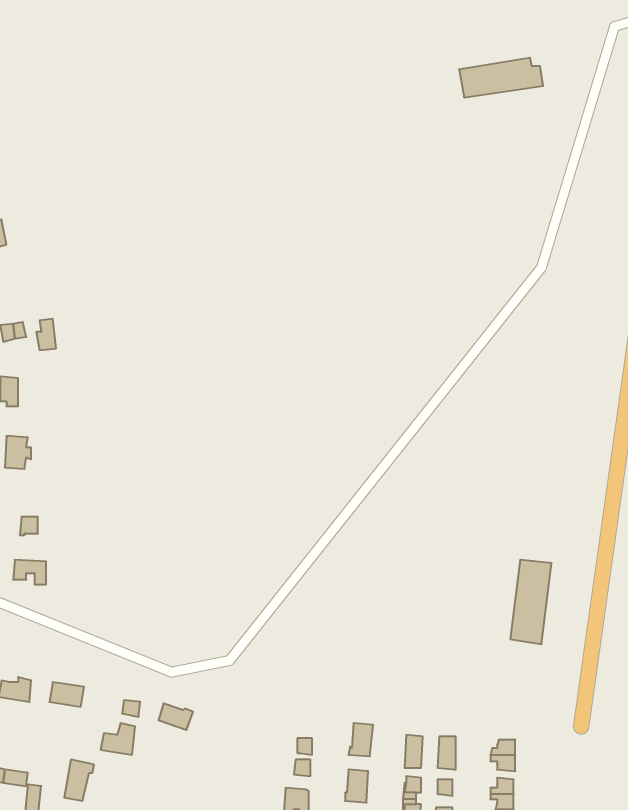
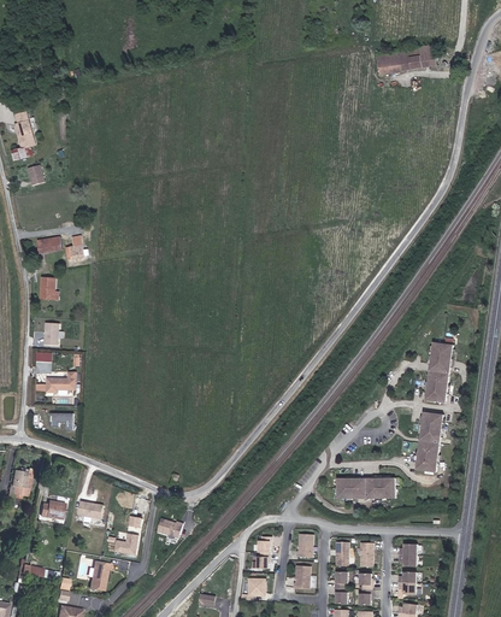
building: none -> [422,341,452,401]
building: none -> [336,477,394,496]

